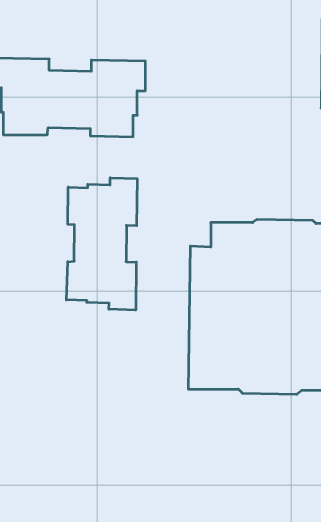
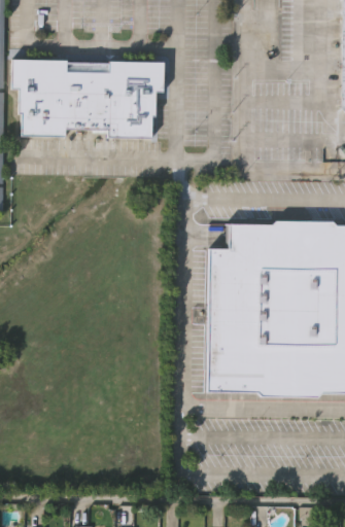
building: [66,178,137,310] -> none

